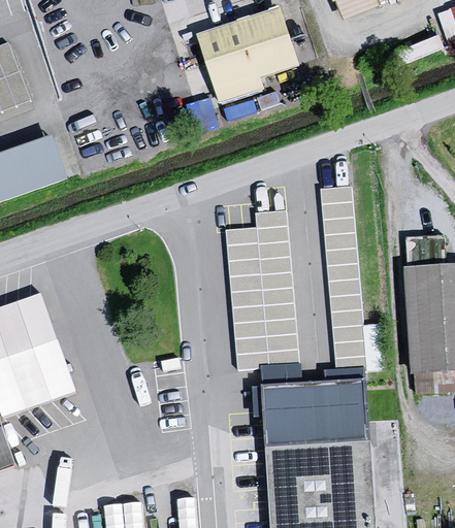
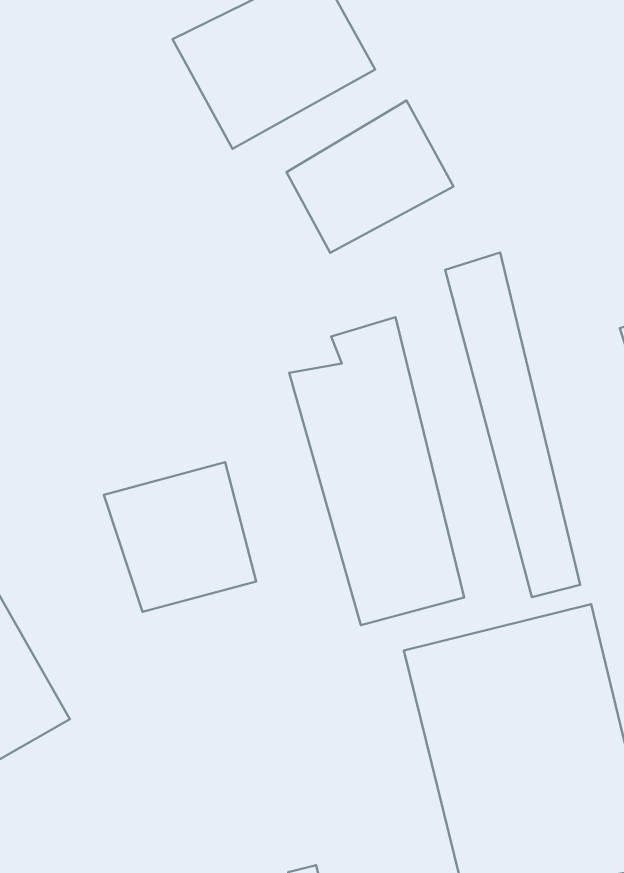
building: none -> [287,100,453,253]
building: none -> [104,462,256,612]

